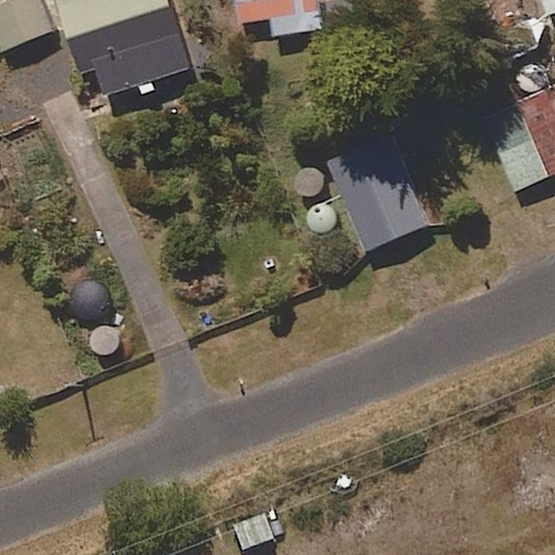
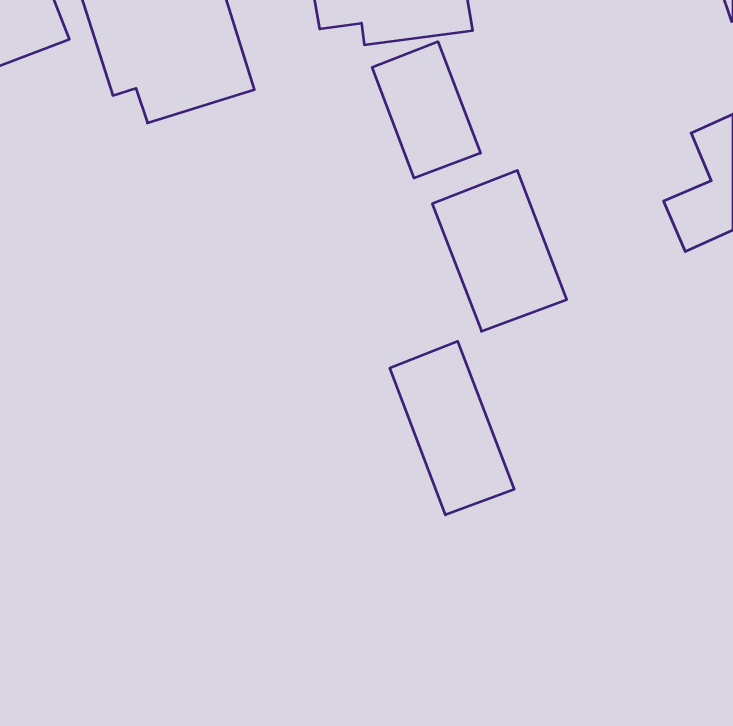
building: none -> [372,42,480,178]
building: none -> [390,341,514,515]

